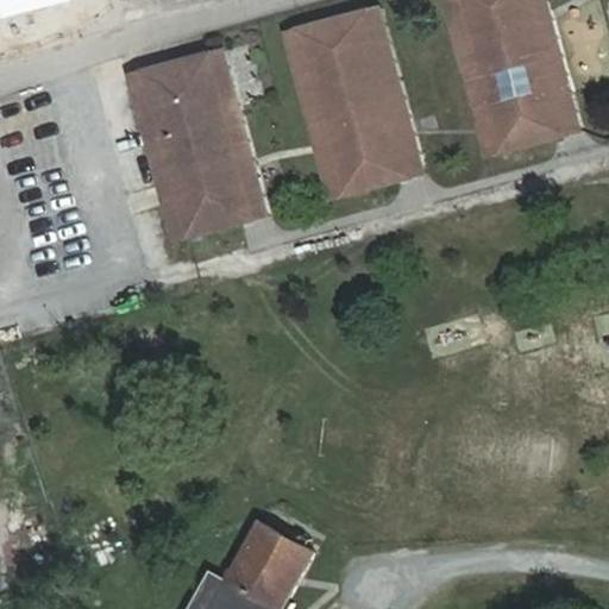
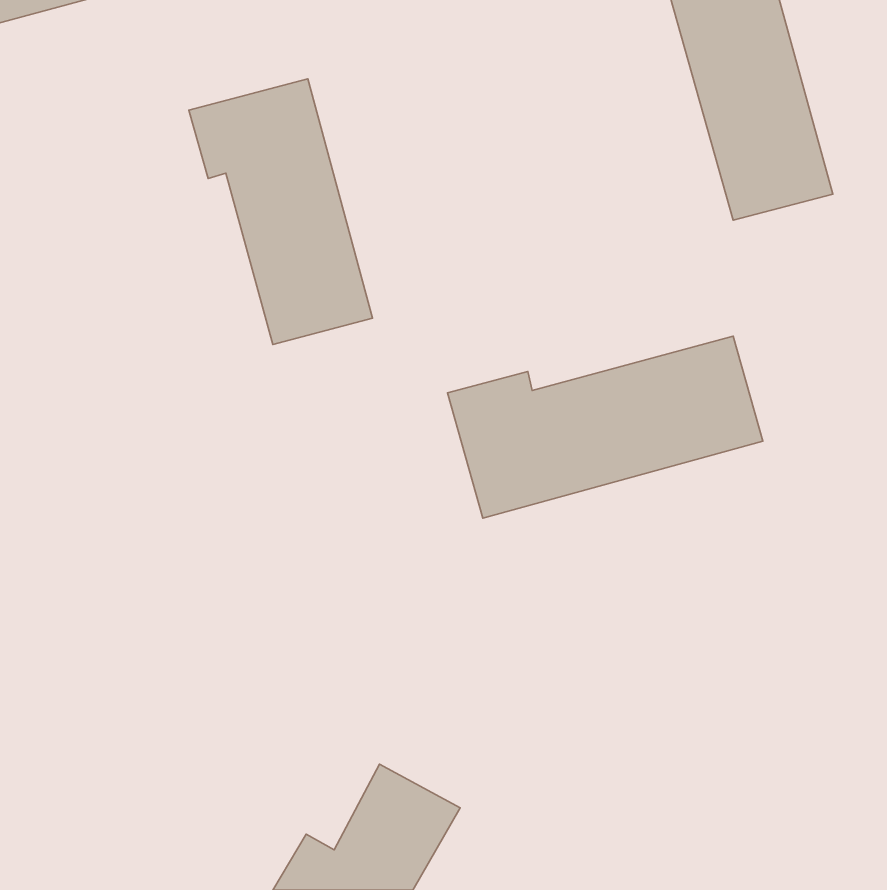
building: [297,11,410,193] -> none
building: none -> [447,336,763,518]

